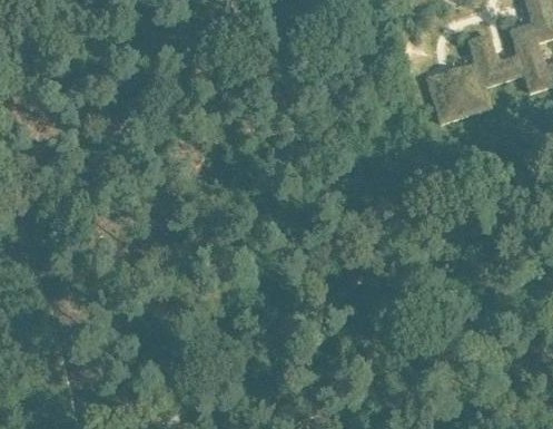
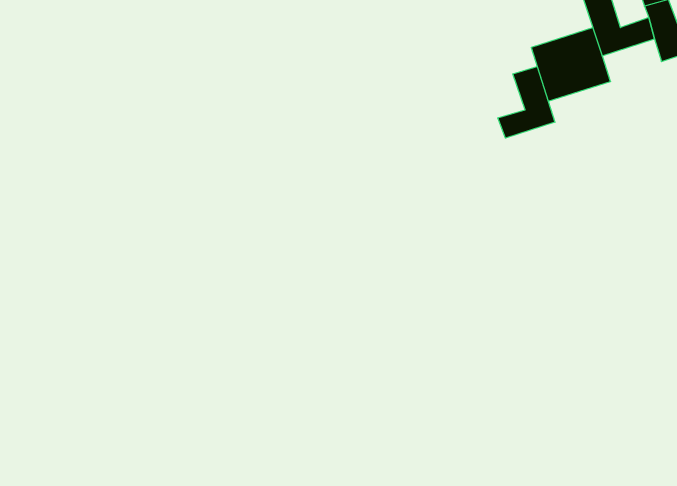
building: none -> [498,66,555,138]

